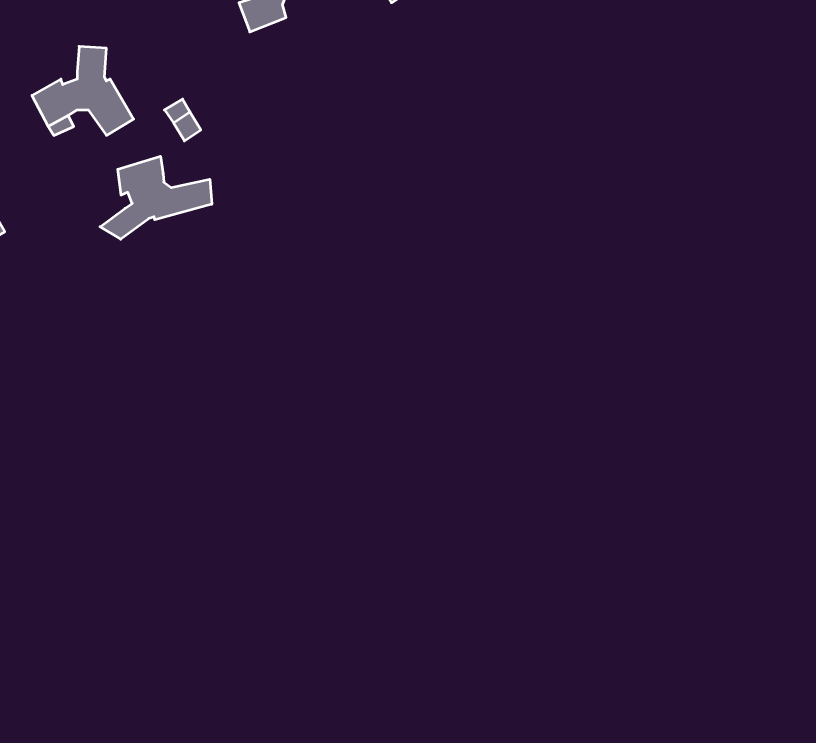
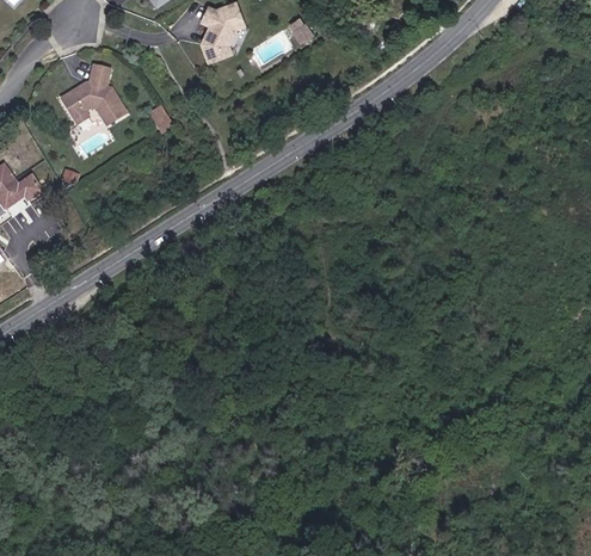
building: [100,156,212,239] -> none

